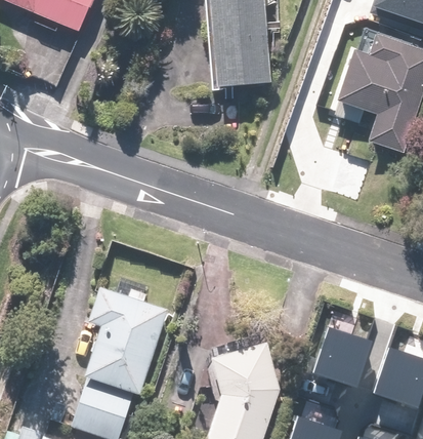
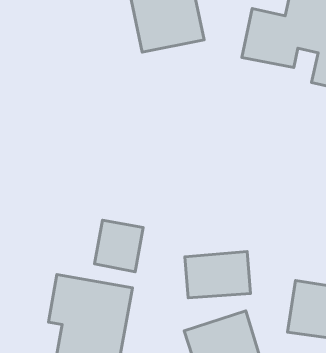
building: none -> [95,220,143,272]
building: none -> [185,251,250,298]

